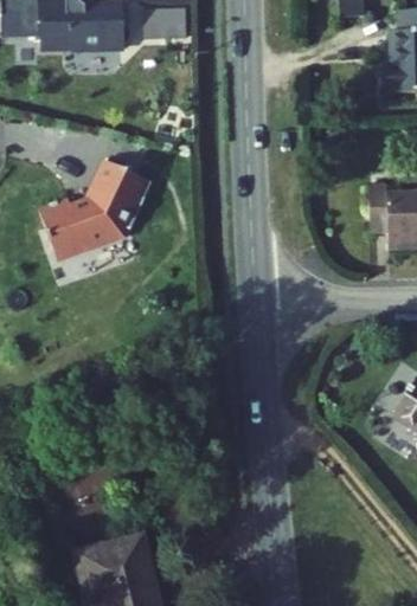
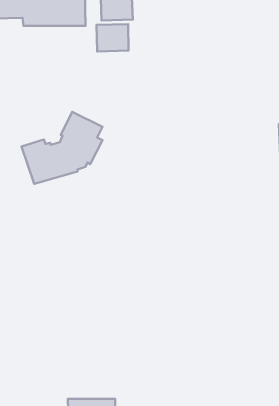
building: none -> [97,24,129,51]

